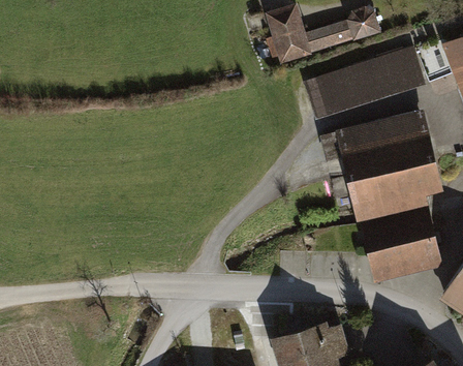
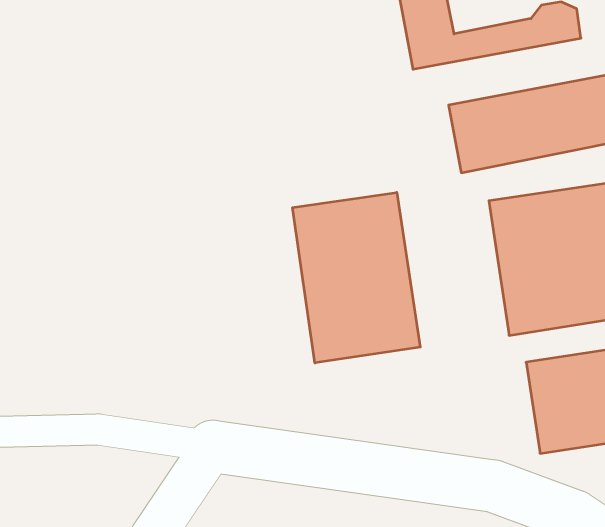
building: none -> [293,192,420,363]

